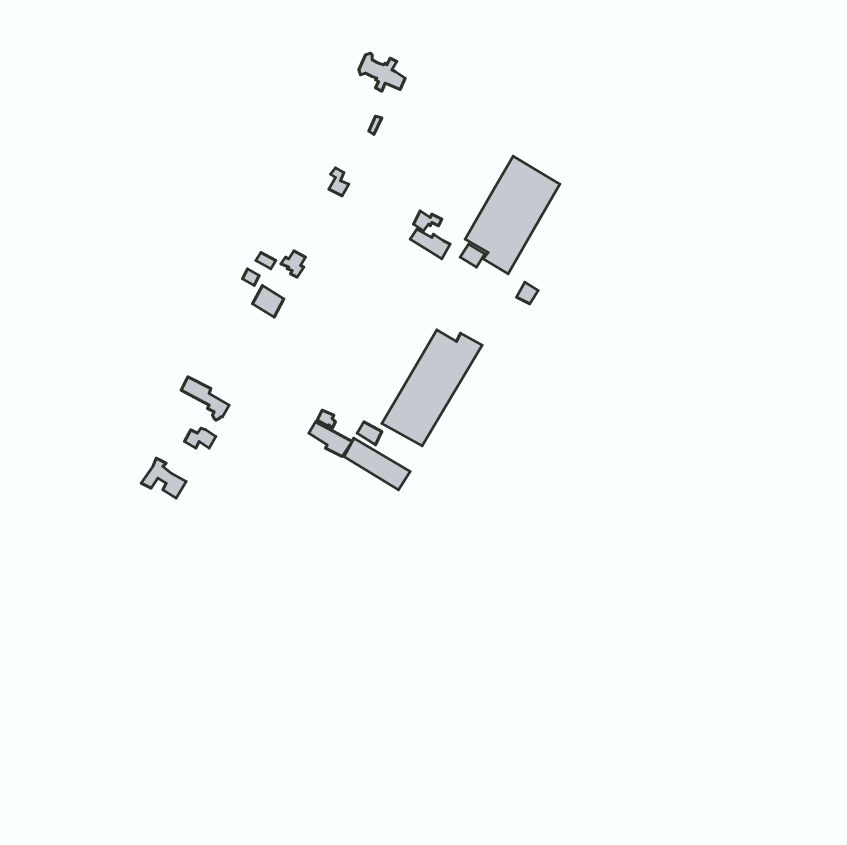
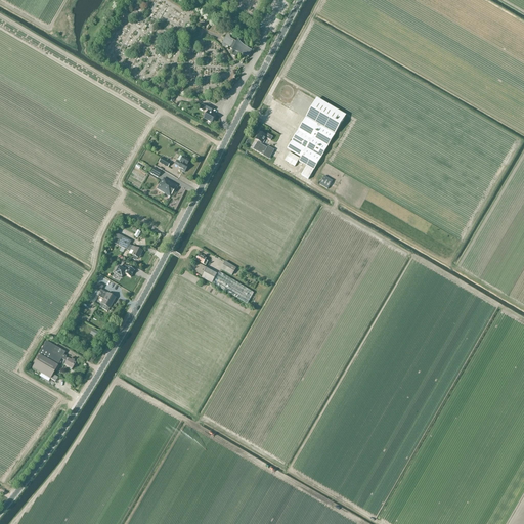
building: [382,330,482,446] -> none
building: none -> [31,340,75,380]

